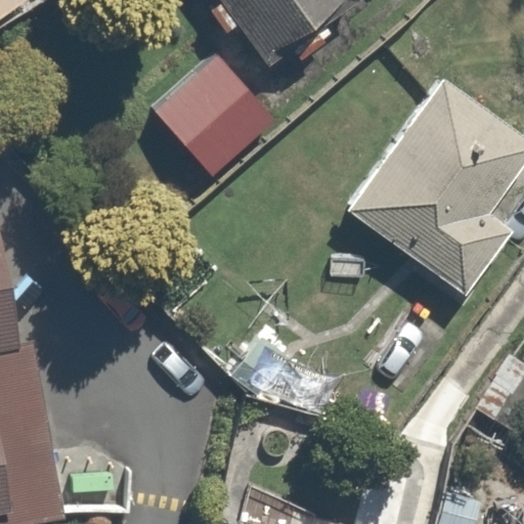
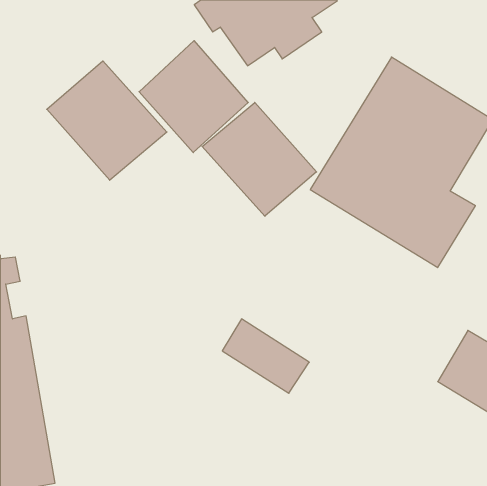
building: none -> [47,61,167,180]
building: none -> [202,102,317,216]

